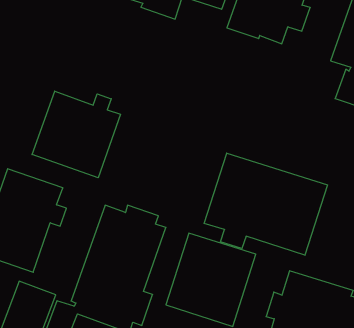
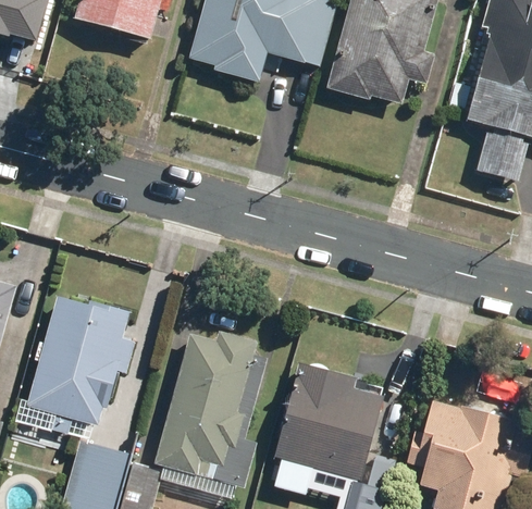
building: [32,91,121,178] -> none
building: [204,153,328,255] -> none

